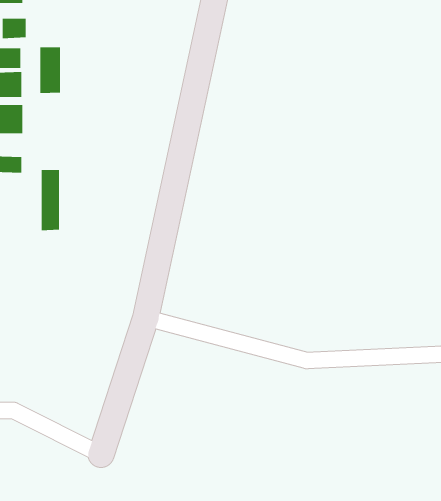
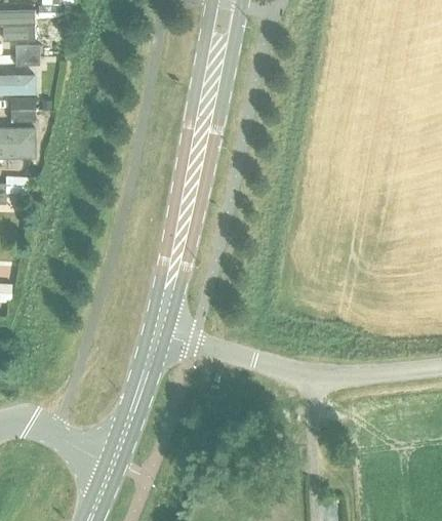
building: [40,46,61,94] -> none
building: [41,169,60,231] -> none

